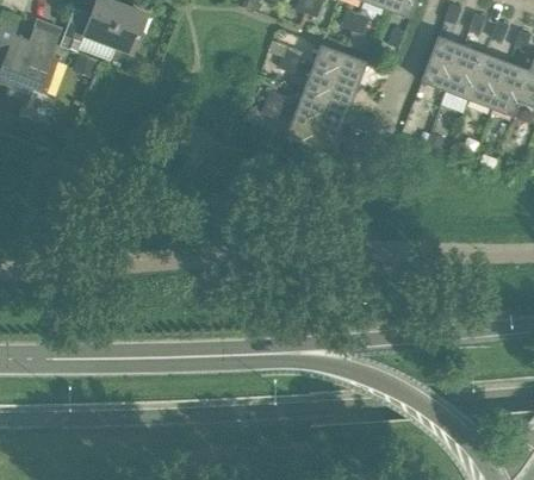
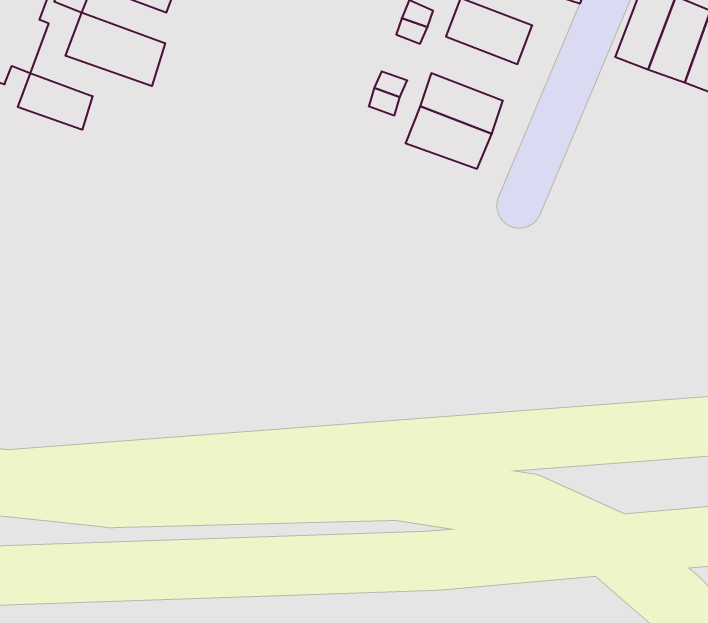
building: none -> [66,13,165,86]
building: [303,67,359,108] -> none
building: none -> [18,73,93,130]

